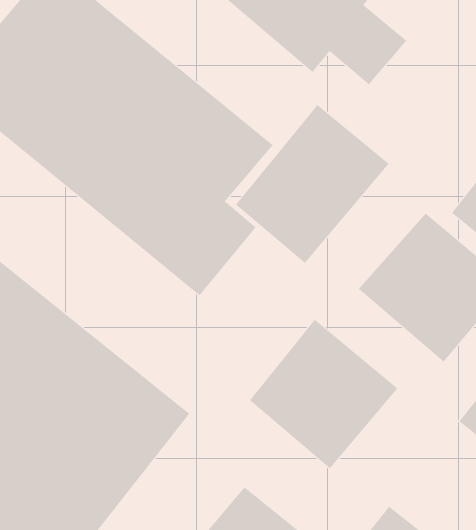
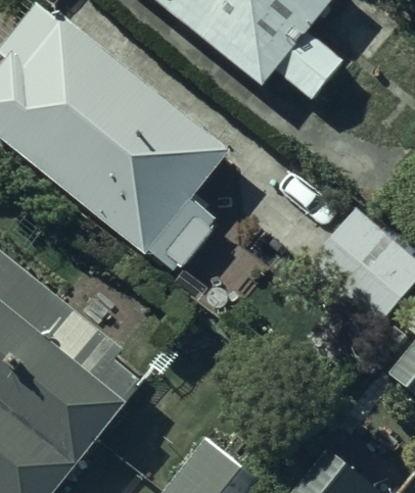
building: [235,104,389,264] -> none
building: [249,319,398,469] -> none

